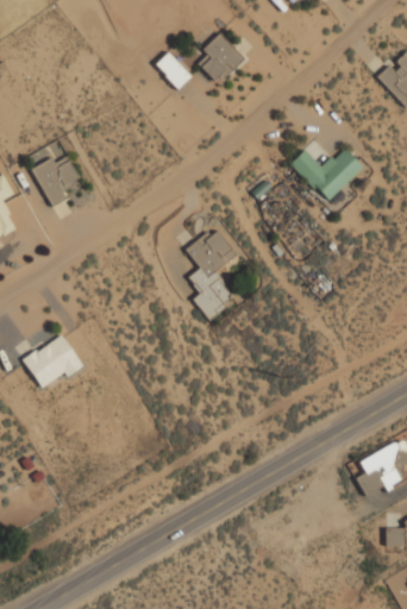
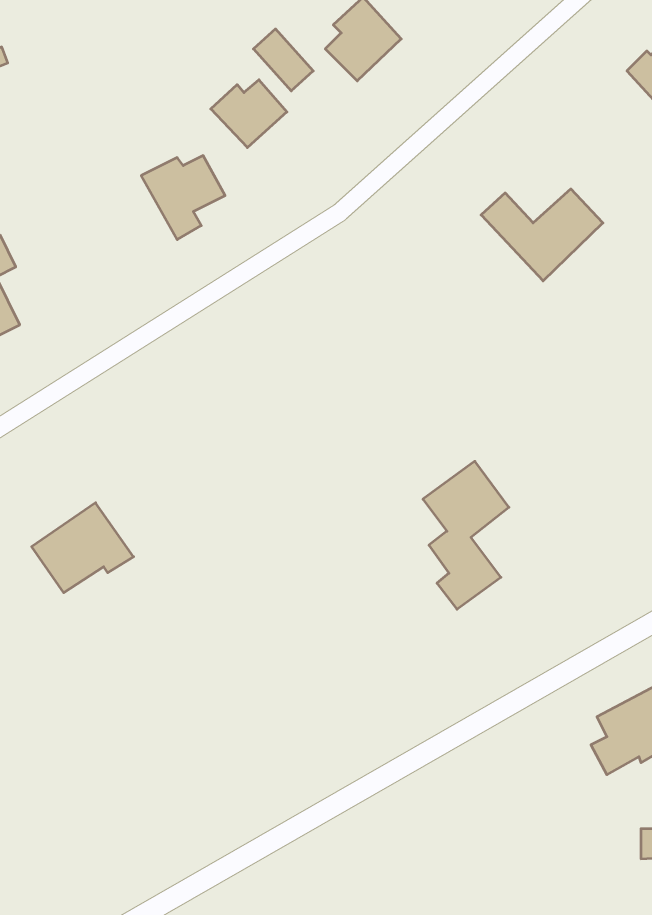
building: none -> [211,80,287,148]
building: [32,157,82,207] -> [141,156,225,240]
building: [187,227,238,315] -> [423,461,509,609]

